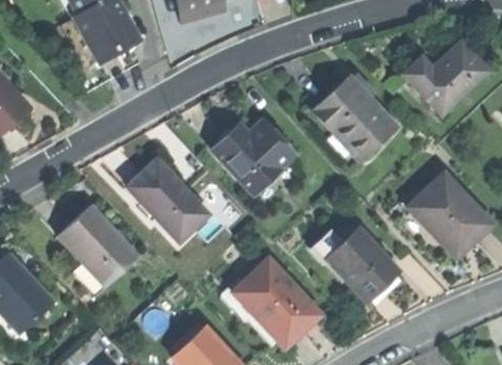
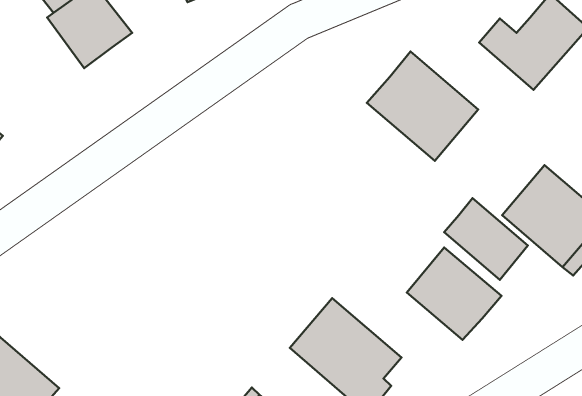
building: [212,121,294,193] -> none
building: [127,158,208,241] -> none
building: none -> [444,198,528,280]
building: [57,205,139,287] -> none

